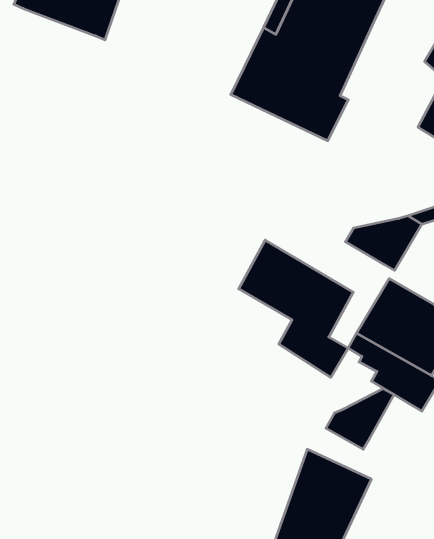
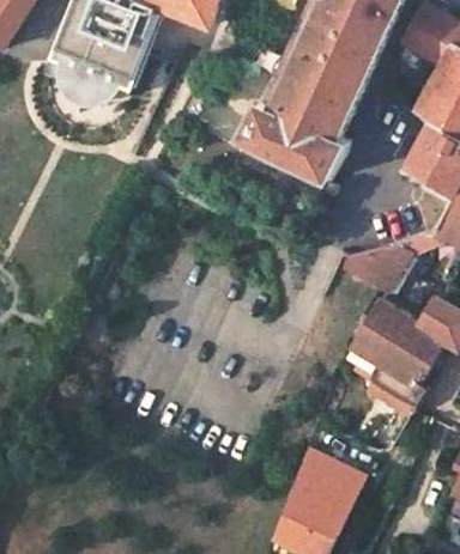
building: none -> [59,62,123,106]
building: [239,240,353,377] -> none
building: [326,389,394,449] -> none

